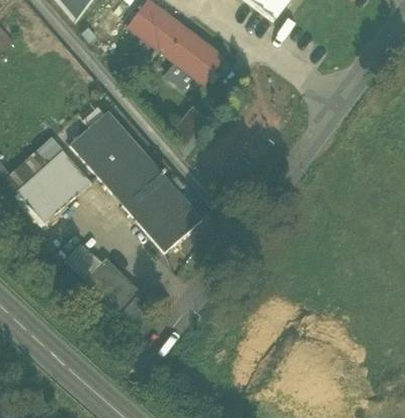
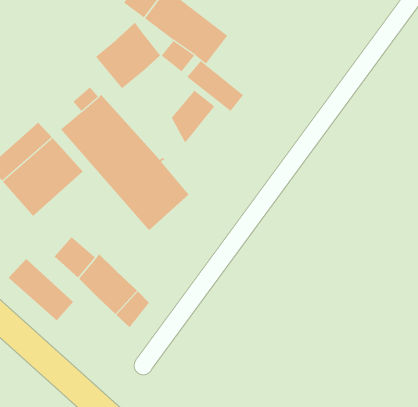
building: none -> [95,22,161,89]
building: none -> [187,60,244,112]
building: [151,203,202,252] -> none
building: none -> [8,258,74,321]

